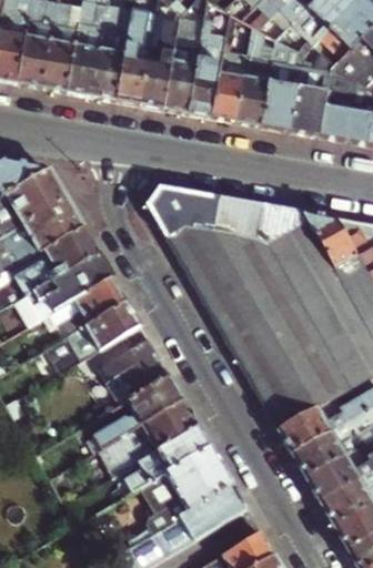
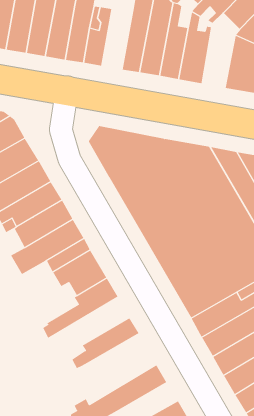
building: [163,28,203,111] -> none
building: [291,49,333,134] -> none
building: [87,399,199,477] -> none
building: [140,446,233,537] -> none

